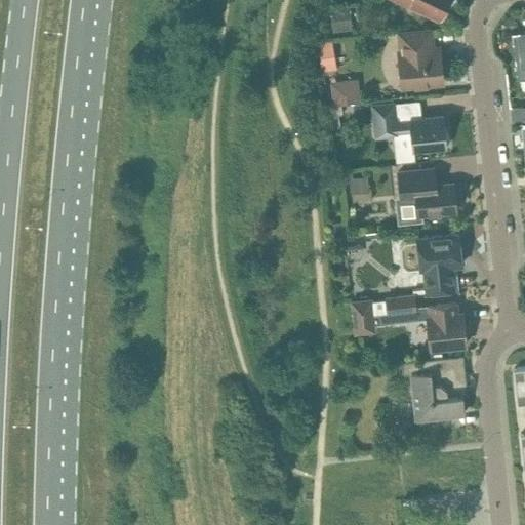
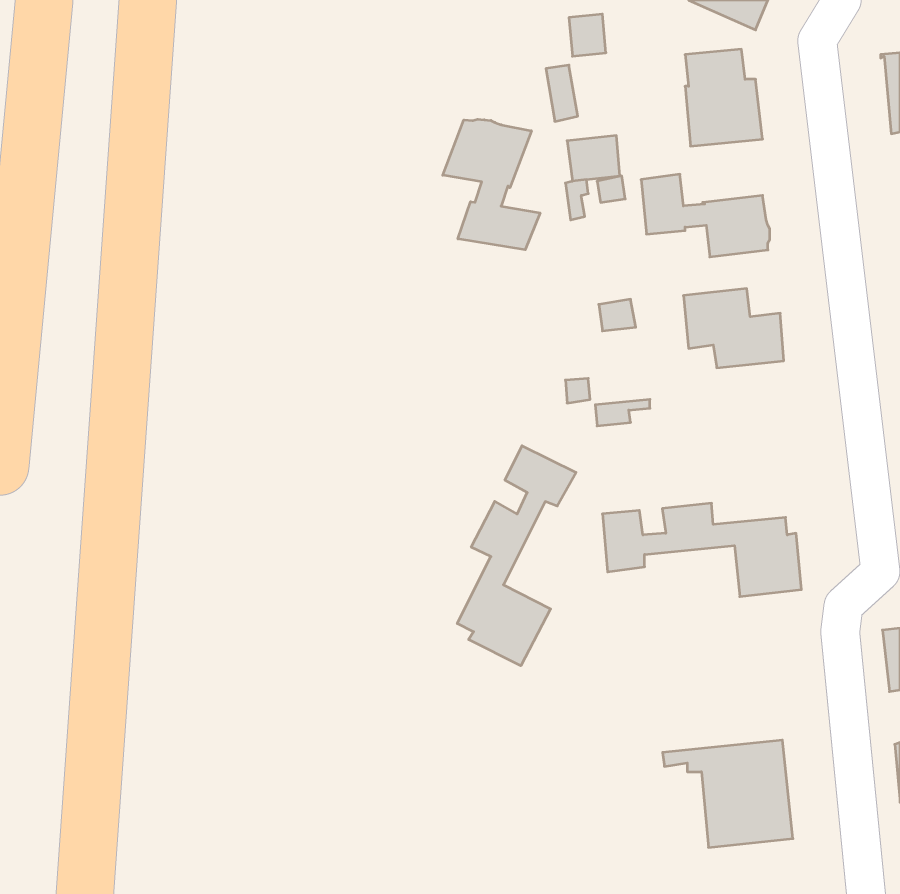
building: none -> [443,119,540,250]
building: [400,236,462,295] -> none
building: none -> [457,446,576,666]
building: [390,358,466,420] -> [663,740,793,847]

